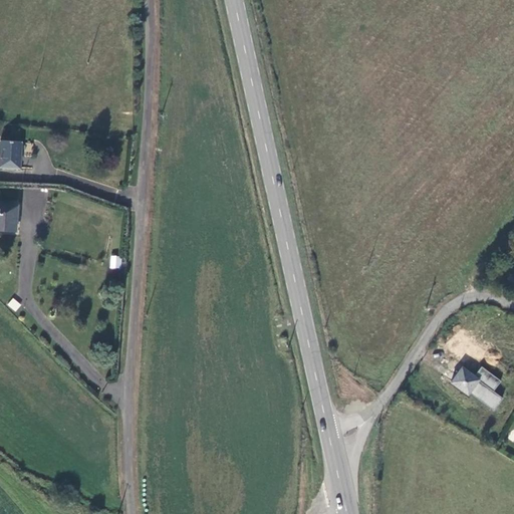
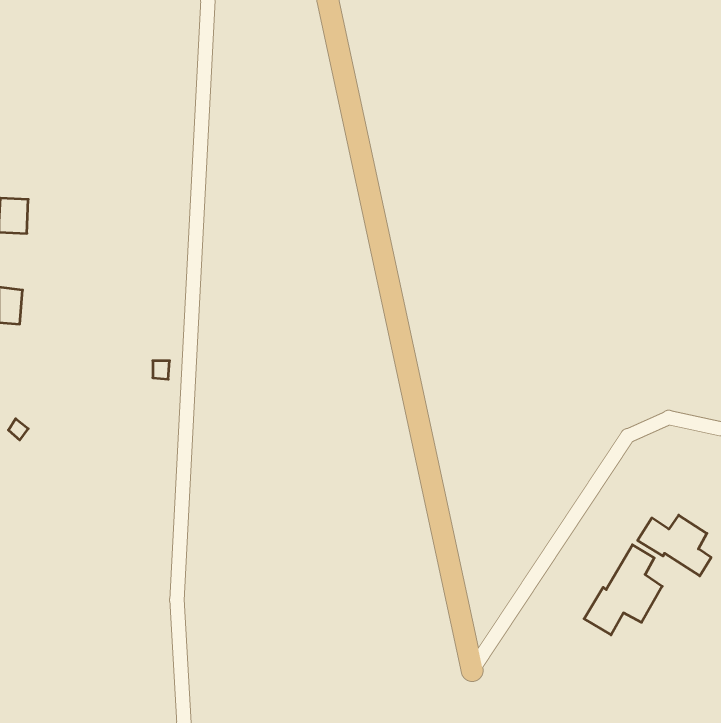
building: none -> [584,545,662,635]

